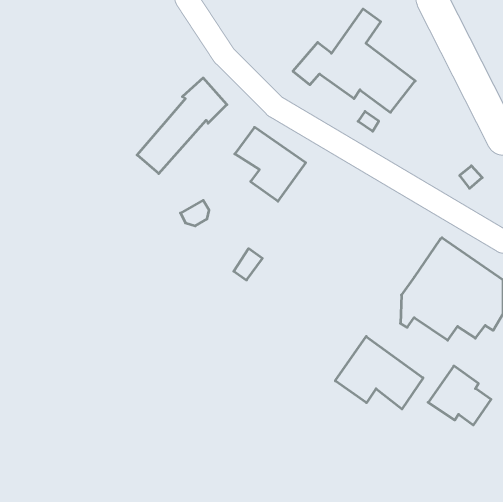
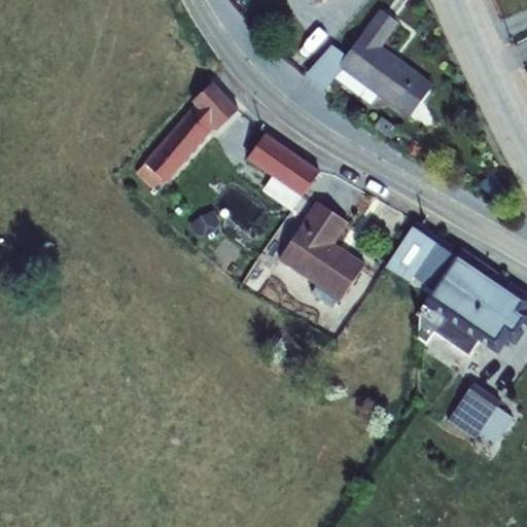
building: none -> [277,201,364,300]
building: none -> [385,221,459,289]
building: [335,336,423,409] -> none

